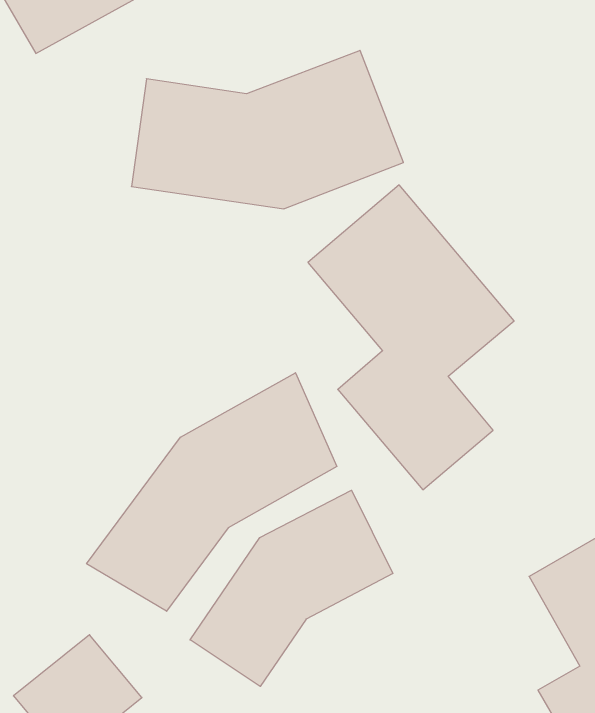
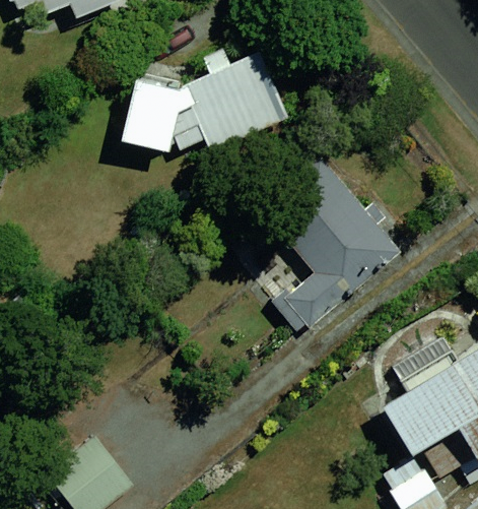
building: [87,373,337,611] -> none
building: [190,490,393,686] -> none

